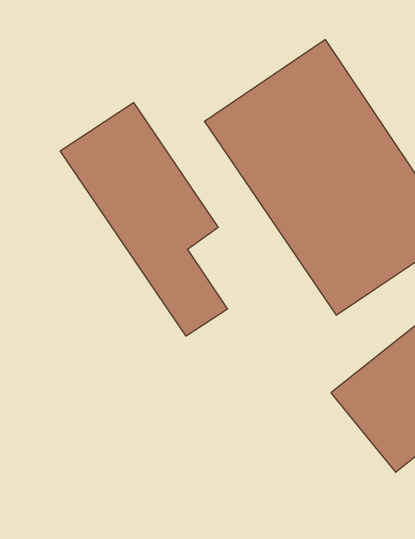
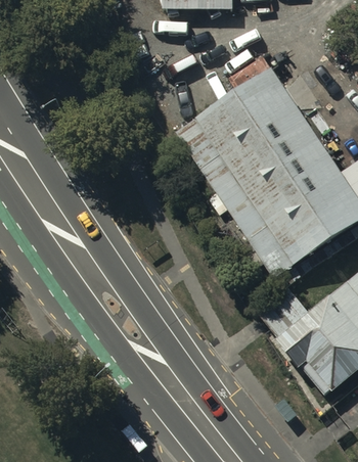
building: [60,103,227,336] -> none

